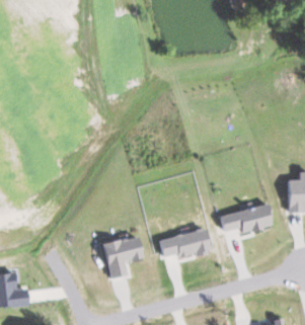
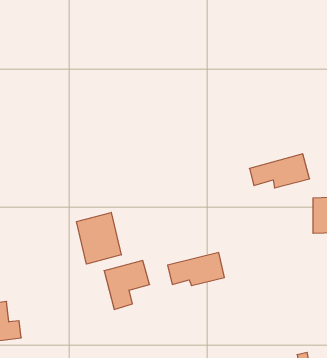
building: none -> [77,212,121,264]
building: [220,204,274,234] -> [249,154,310,188]

